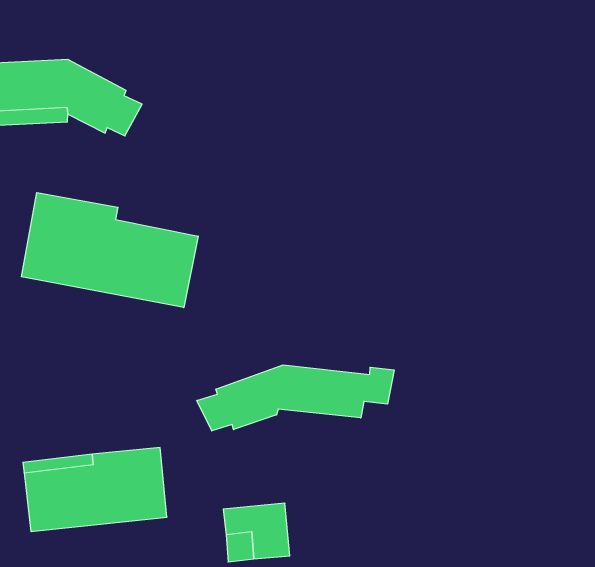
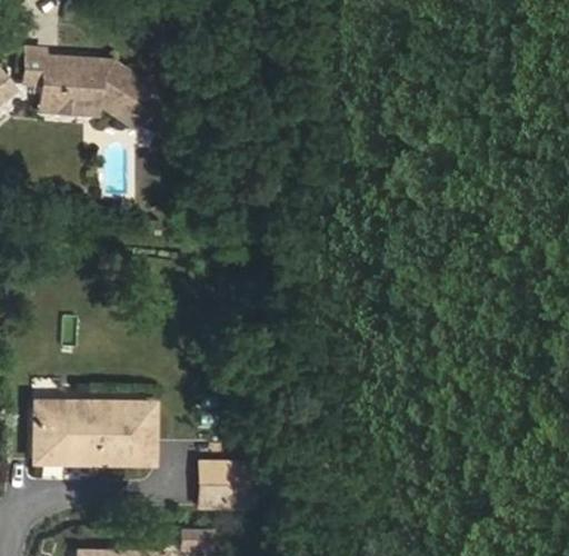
building: [21,193,198,308] -> none
building: [197,365,394,431] -> none

